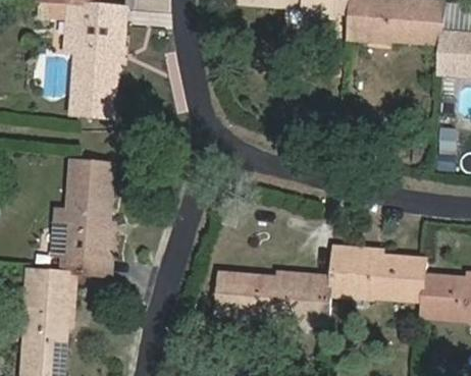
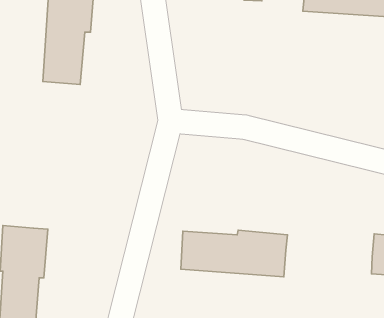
building: [51,158,111,273] -> none
building: [329,248,425,300] -> none

